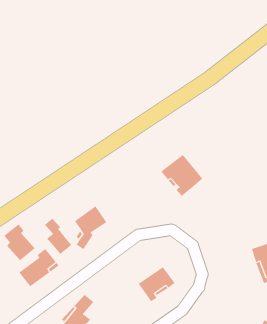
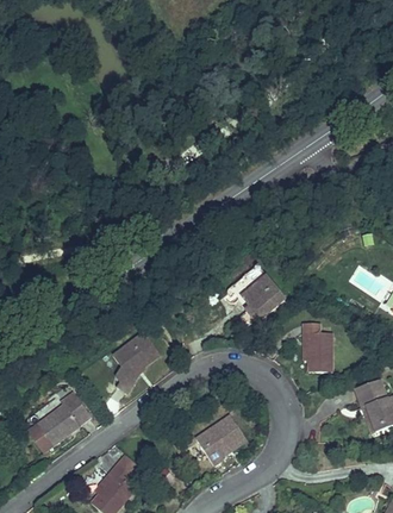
building: none -> [305,324,332,371]
building: [44,218,72,255] -> none
building: [3,224,36,261] -> none

